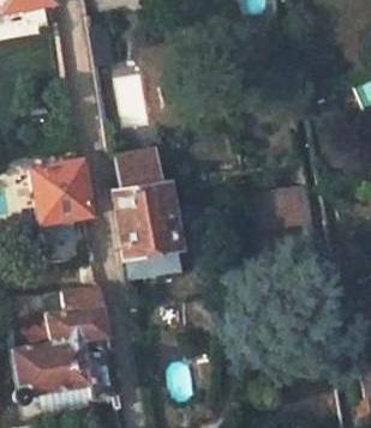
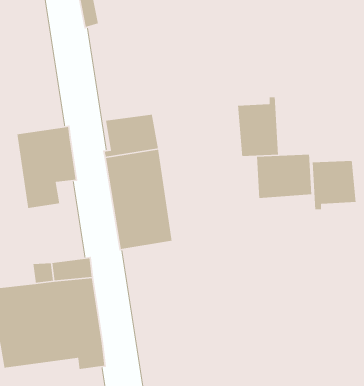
building: none -> [237,97,279,157]
building: none -> [312,160,357,210]

